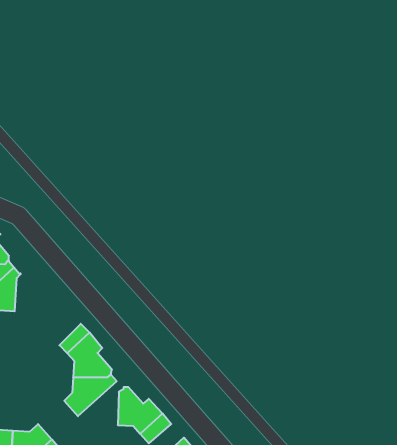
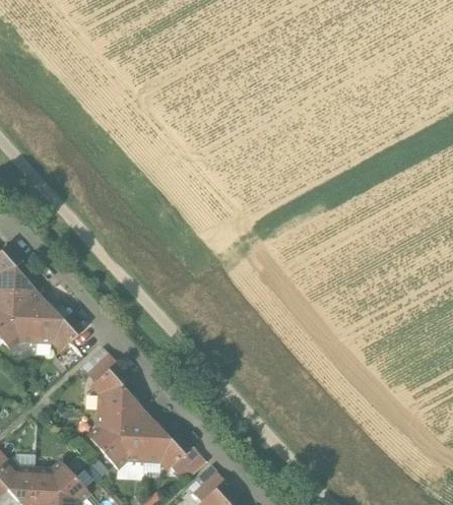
building: none -> [36,304,82,352]
building: none -> [102,416,149,468]

